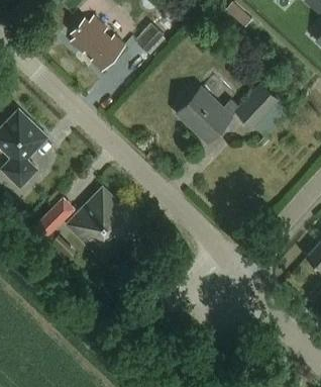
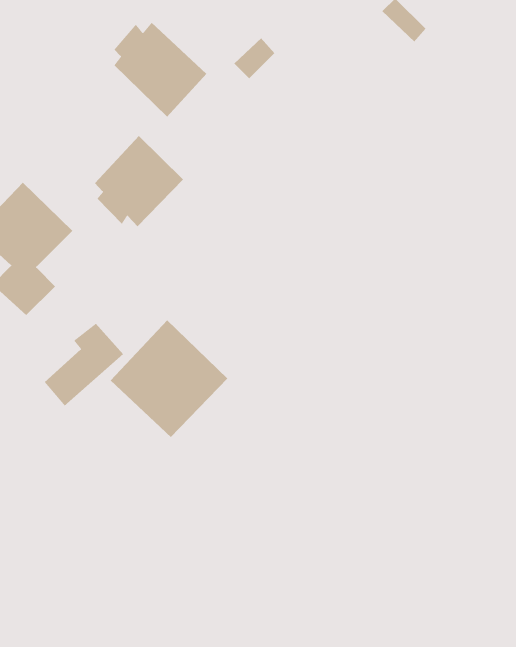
building: none -> [94,135,184,227]
building: [176,85,278,143] -> none

